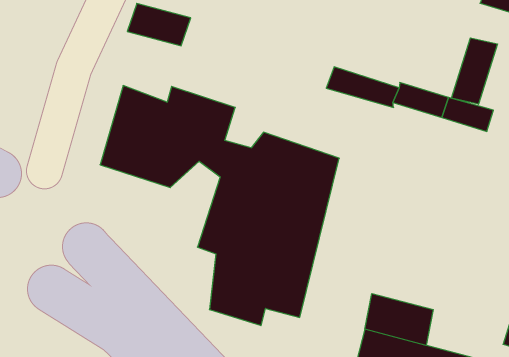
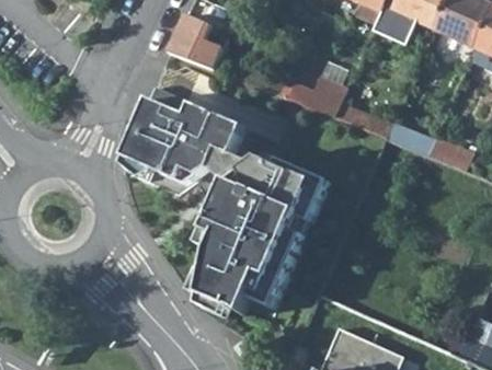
building: [452,38,497,104] -> none
building: none -> [275,79,333,114]
building: [365,294,433,345] -> none

